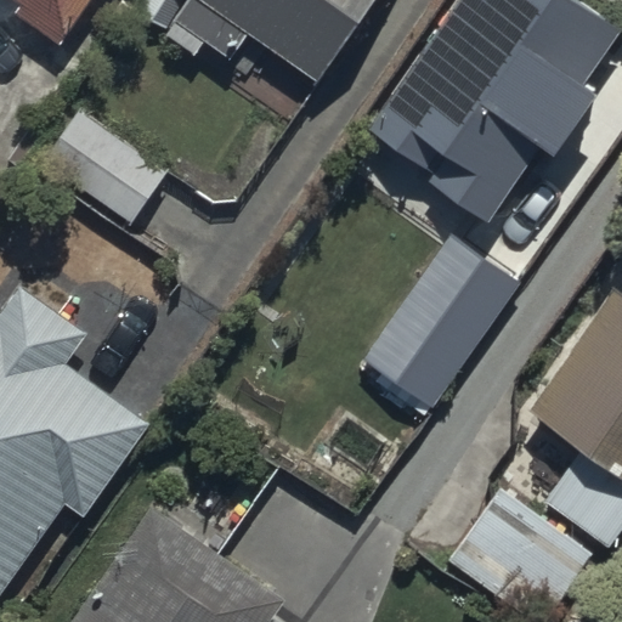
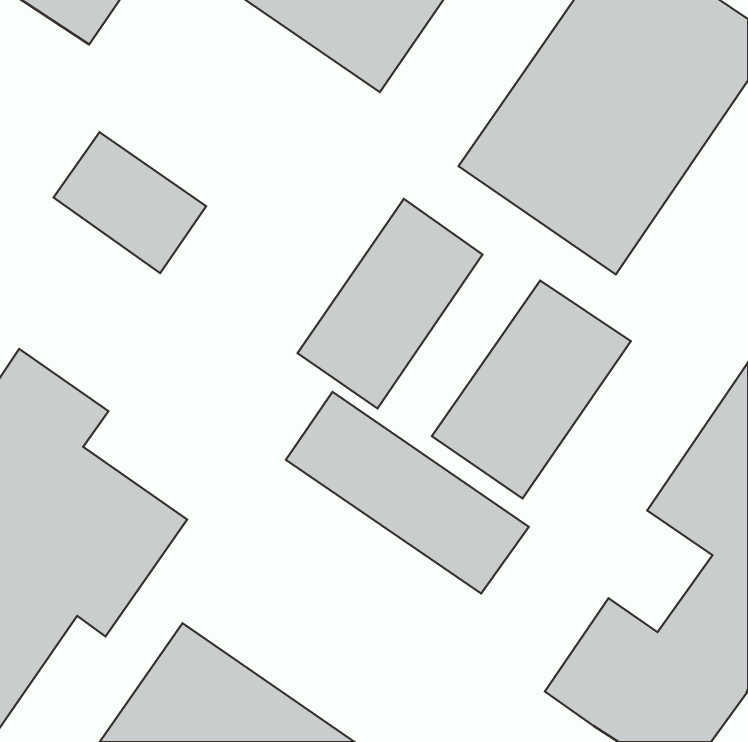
building: none -> [297,199,483,408]
building: none -> [286,392,529,594]

